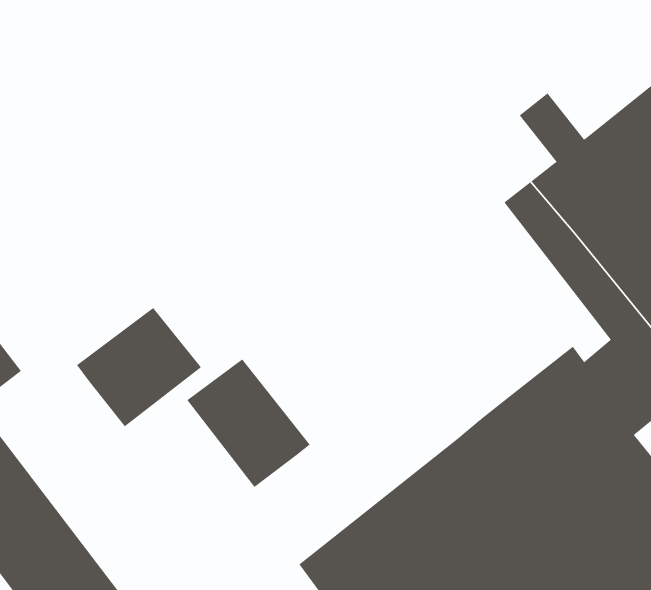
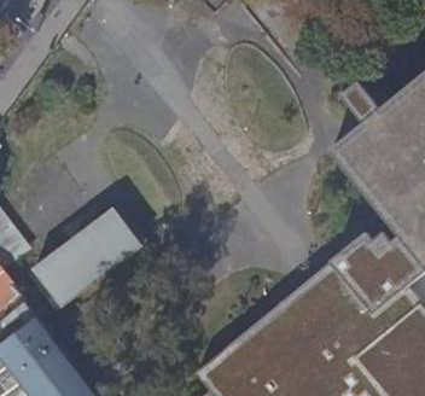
building: [186,359,311,488] -> none
building: none -> [33,248,94,310]

